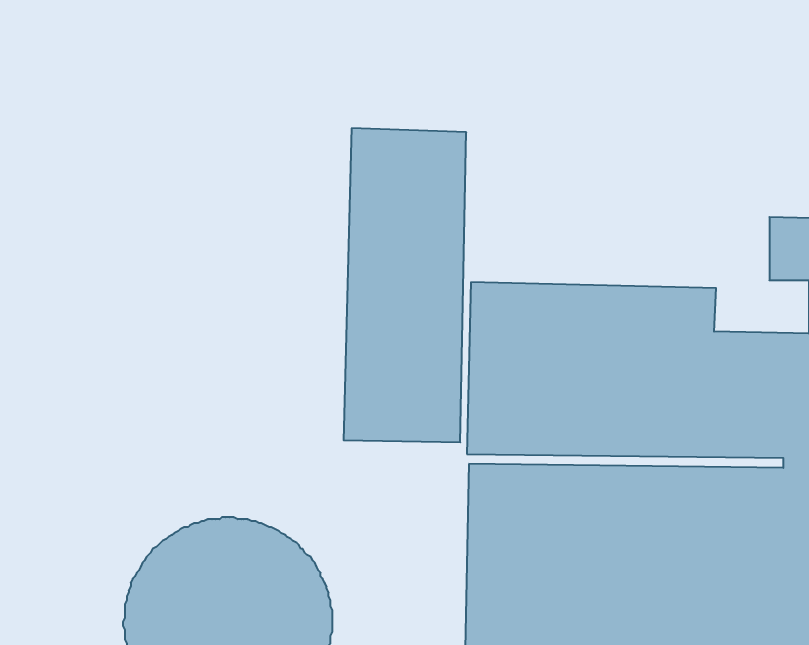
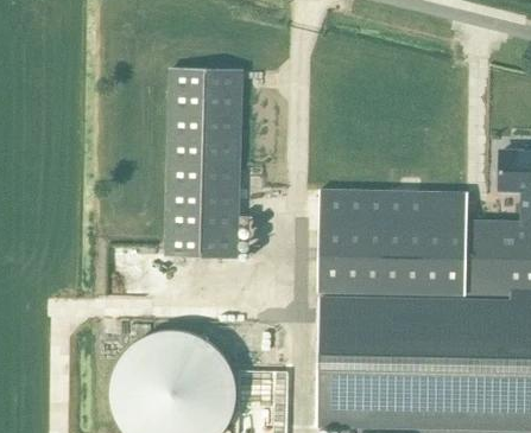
building: [344,128,466,442] -> [166,68,240,256]

